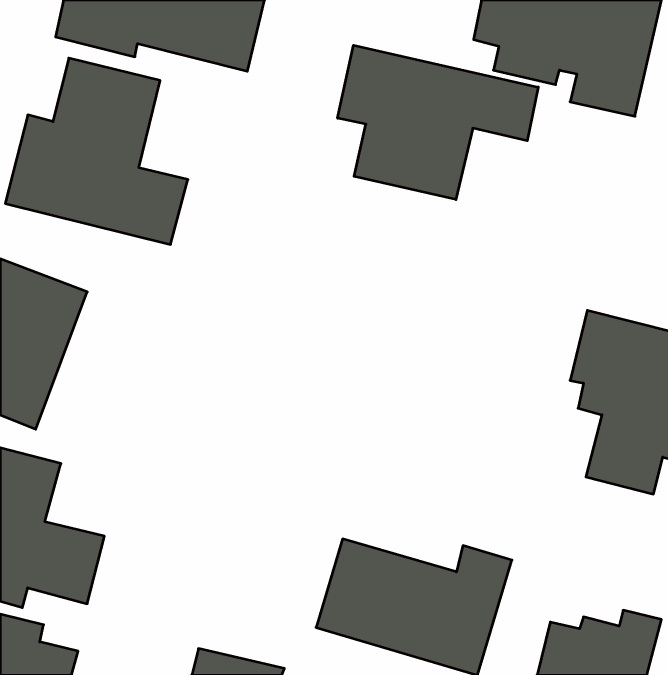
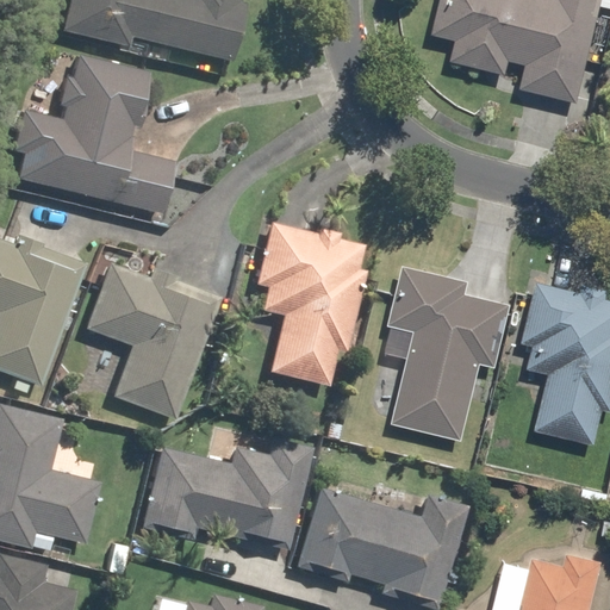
building: [338,45,538,200] -> none
building: none -> [243,223,368,388]
building: none -> [85,257,219,421]
building: none -> [386,263,513,443]
building: none -> [133,434,312,554]

